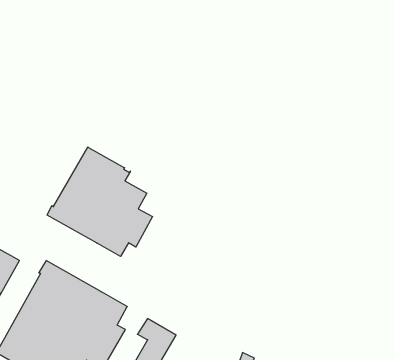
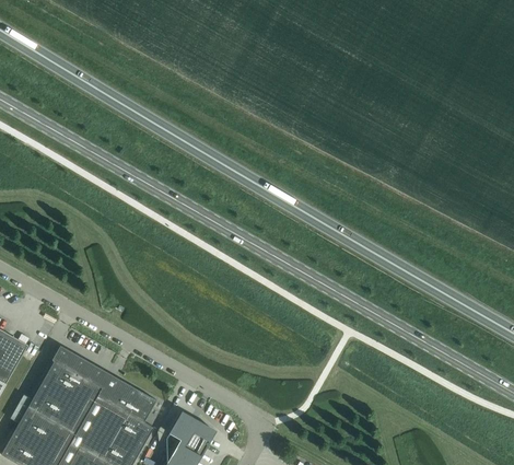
building: [47,147,153,256] -> none

